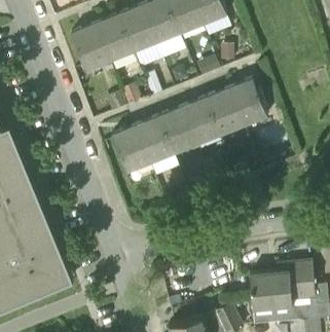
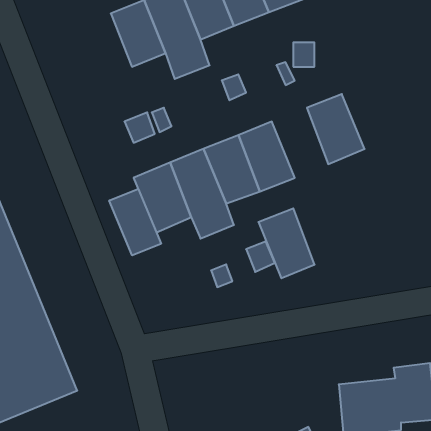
building: [70,26,109,71] -> none
building: [204,89,242,137] -> [258,208,315,278]
building: none -> [109,189,161,255]

